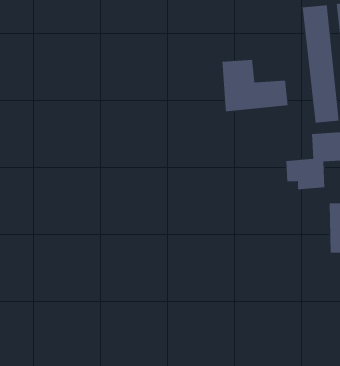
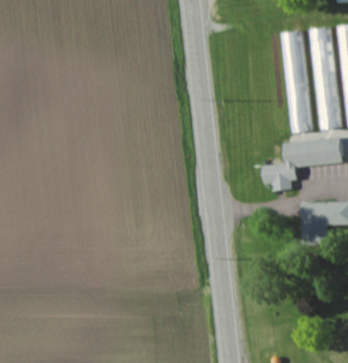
building: [222,59,288,112] -> none

